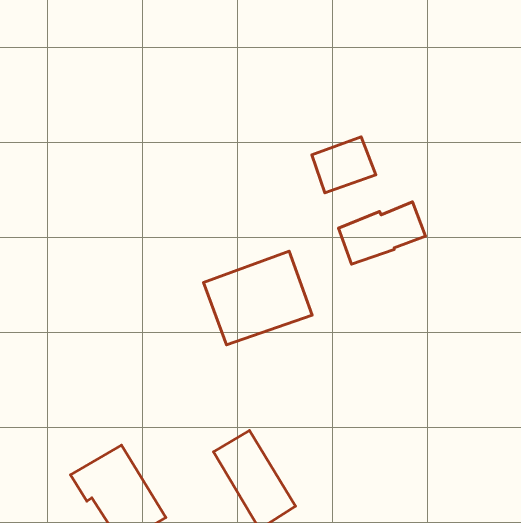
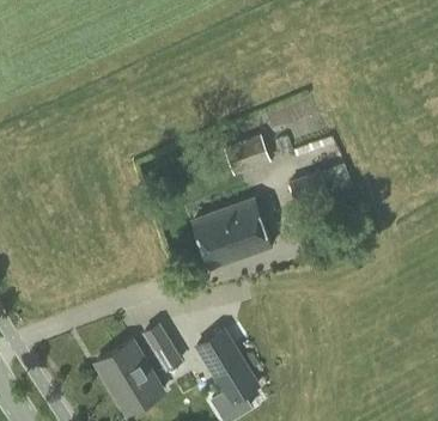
building: [312,137,376,193] -> [224,135,270,176]
building: none -> [141,323,183,372]

